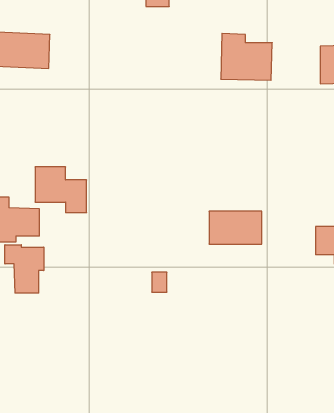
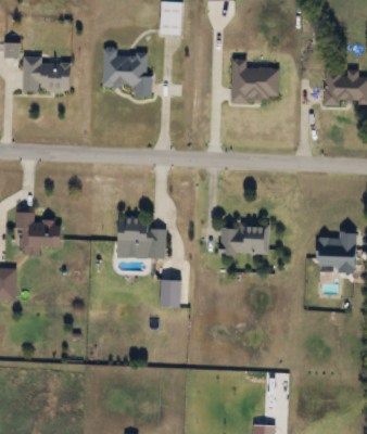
building: none -> [102,51,152,98]
building: [35,167,87,213] -> [117,217,165,259]
building: [5,245,44,293] -> none

